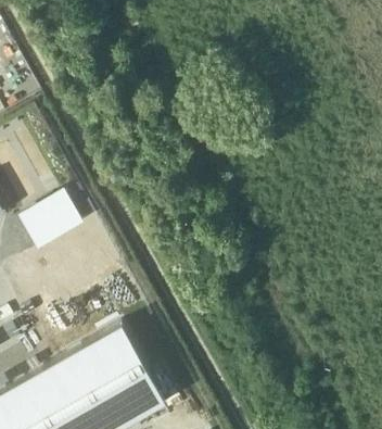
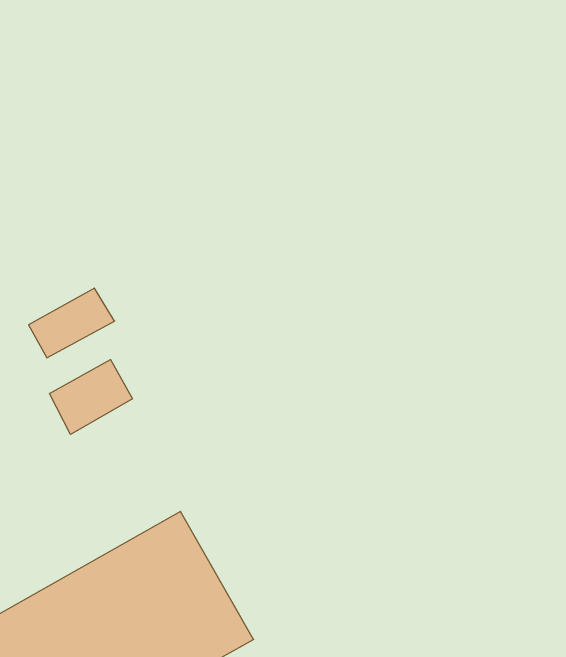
building: none -> [50,360,132,434]

